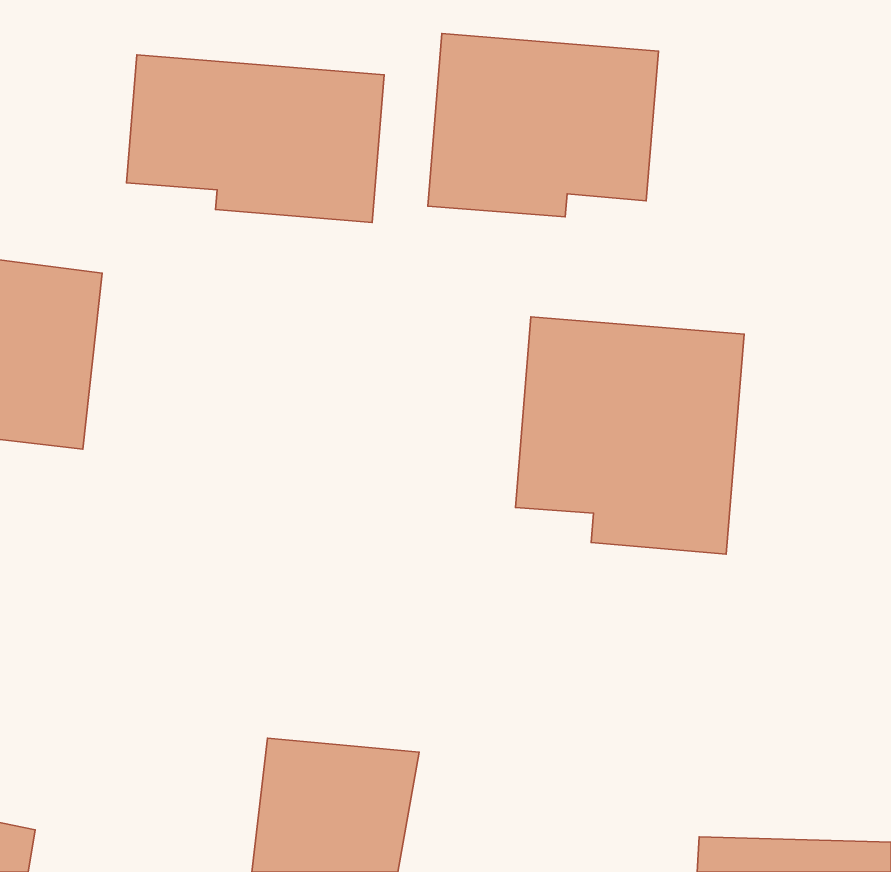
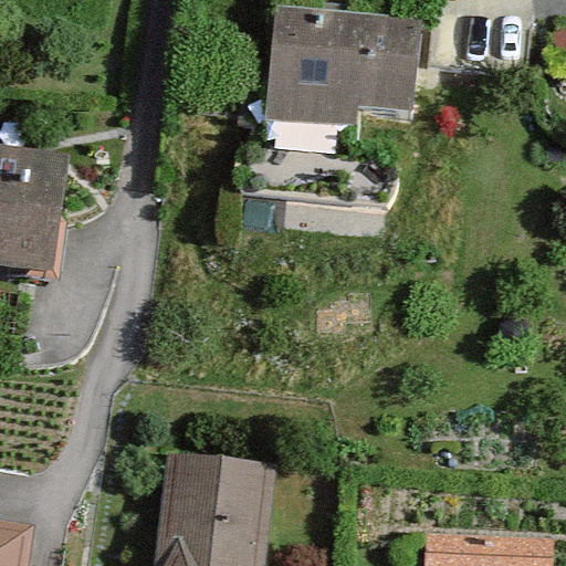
building: [127,55,384,223] -> none
building: [516,317,744,554] -> none

